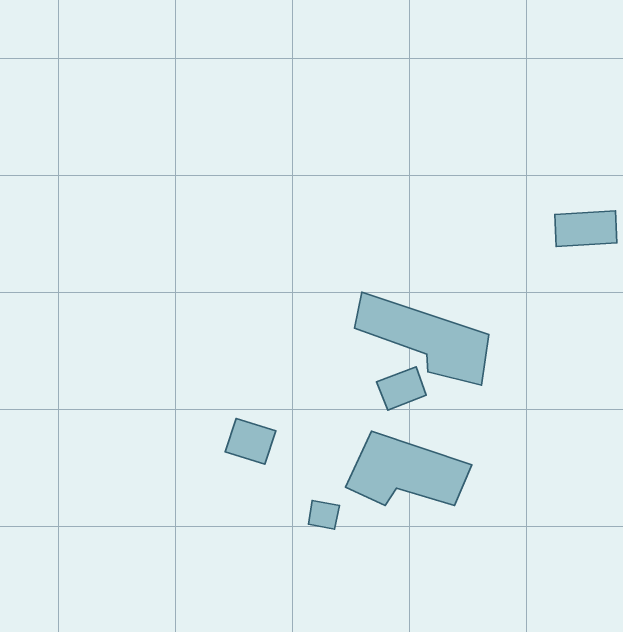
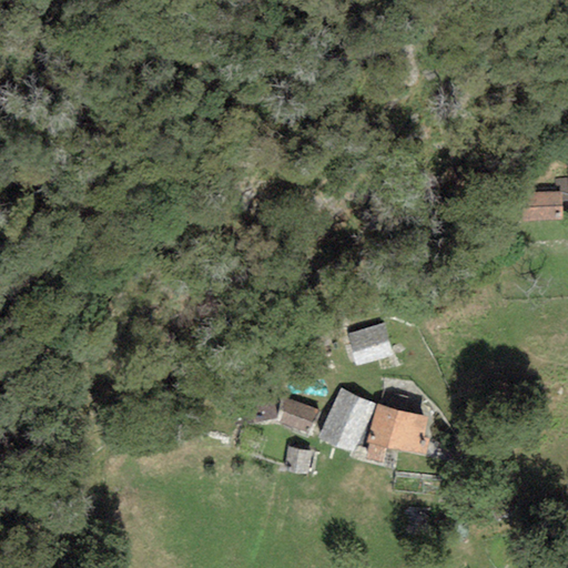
building: [354,292,489,385] -> none
building: [225,418,276,464] -> [275,394,321,435]

